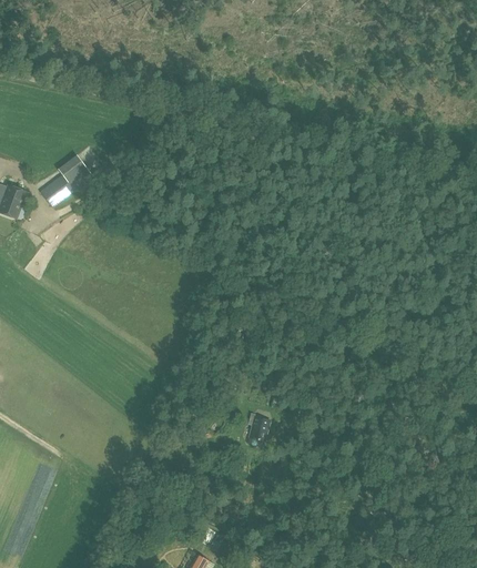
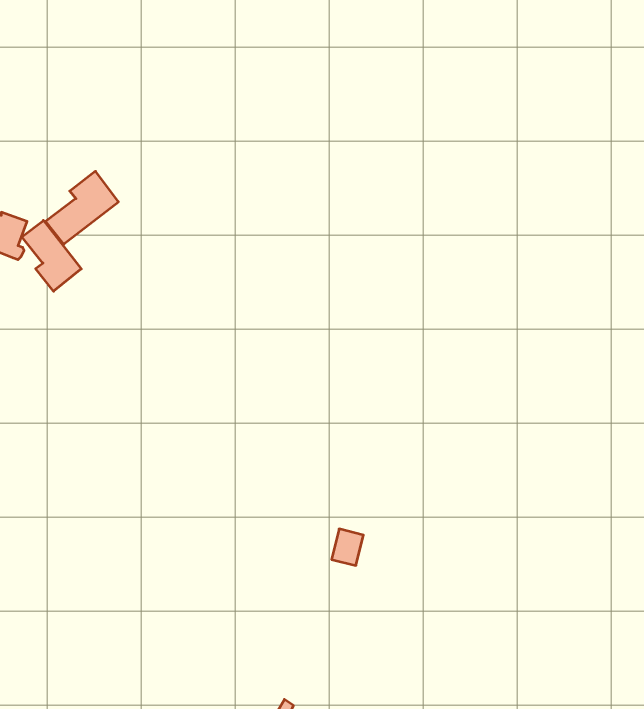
building: none -> [22,220,81,291]

